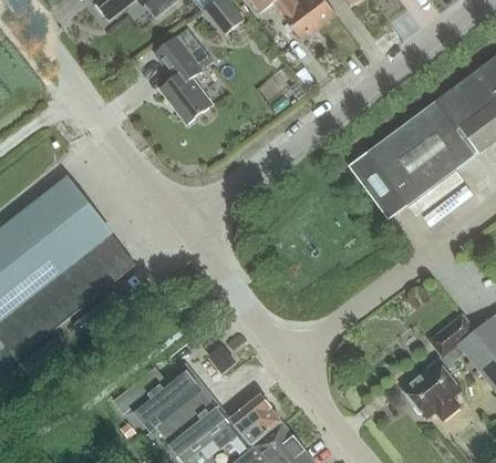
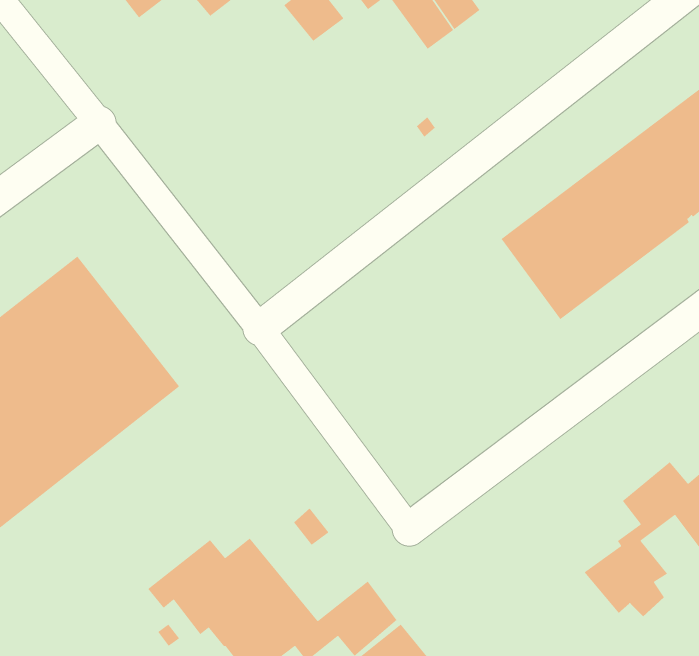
building: [155,27,213,123] -> none

